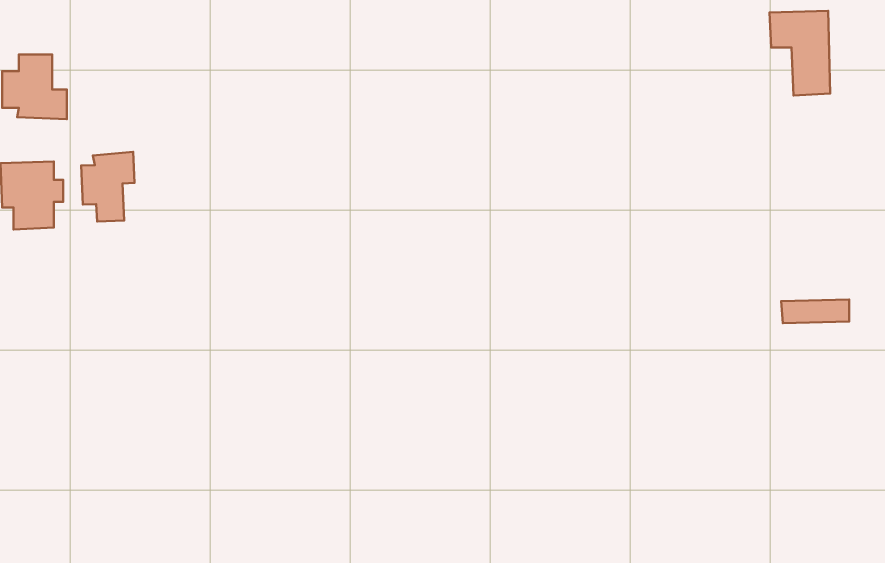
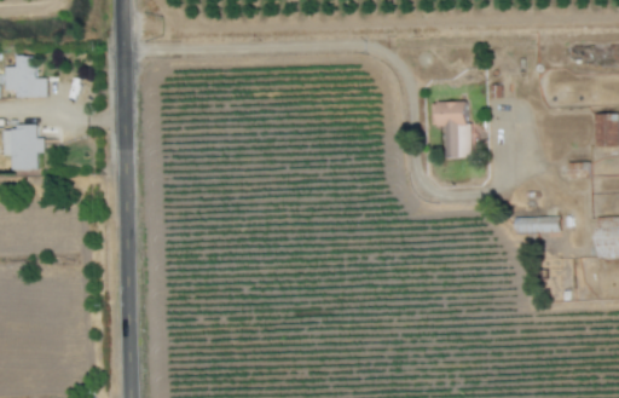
building: [769,11,830,95] -> [432,102,472,157]
building: [81,152,135,222] -> none

